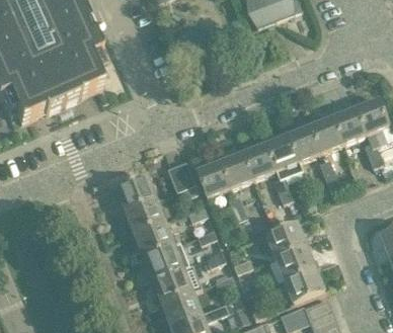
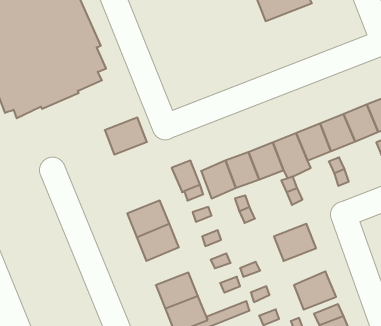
building: [114,176,155,212] -> [105,118,147,155]
building: [142,242,188,280] -> none
building: [273,245,314,280] -> none

